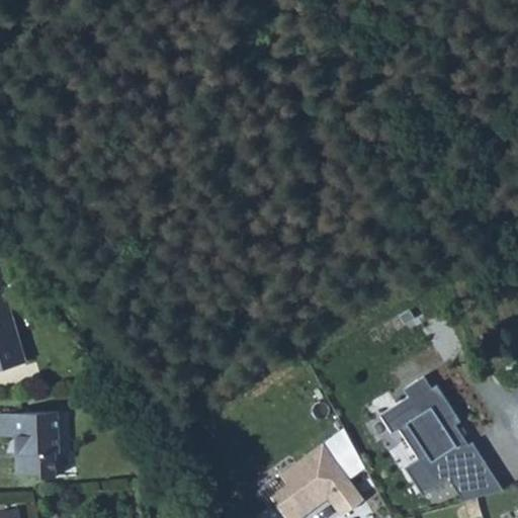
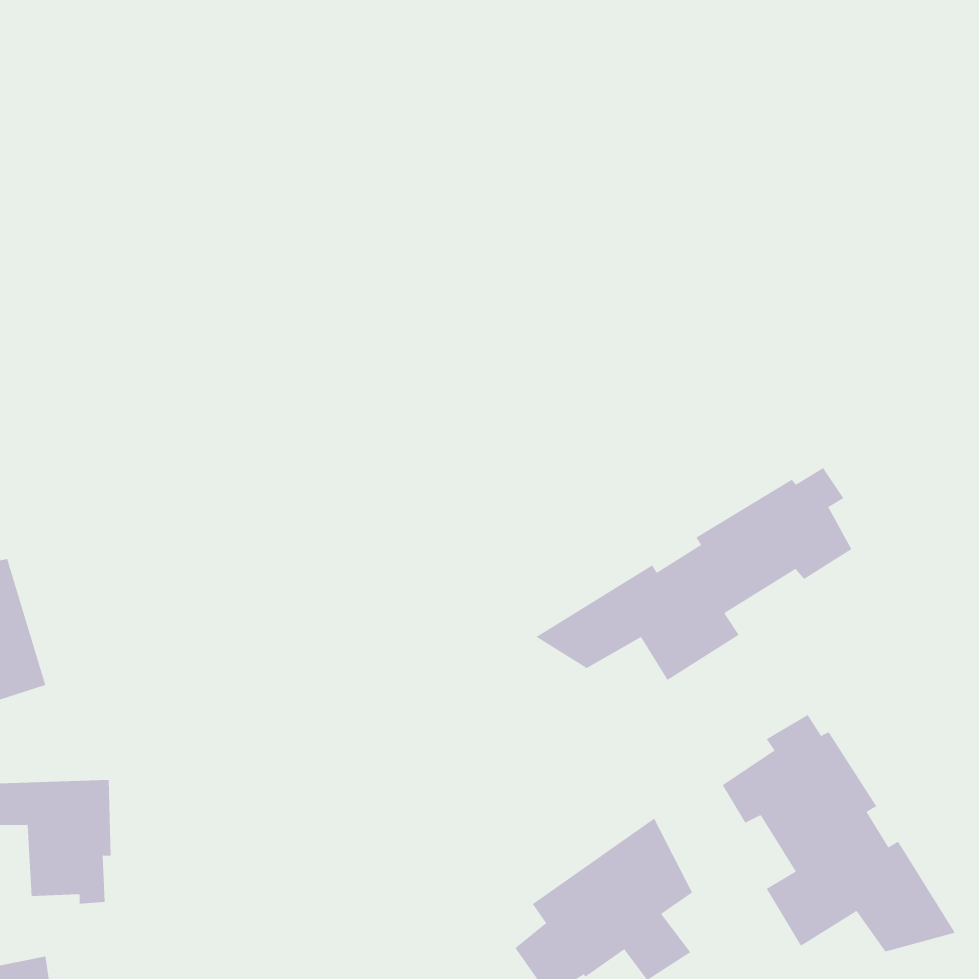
building: none -> [535,467,852,681]

